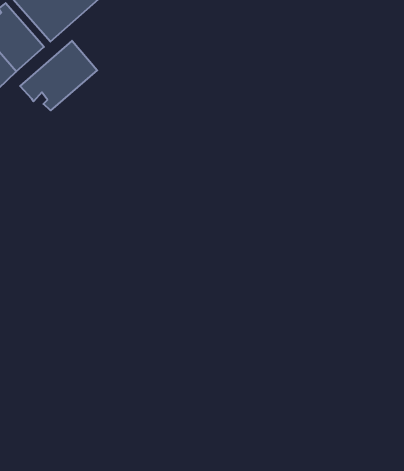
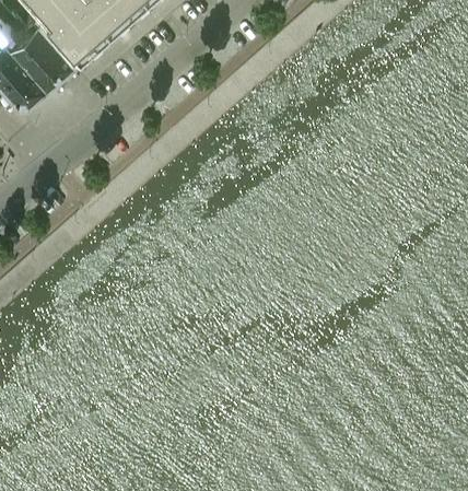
building: [20,41,97,110] -> none

